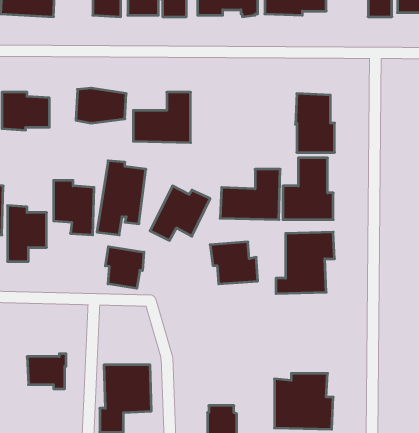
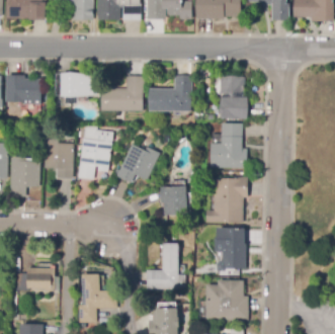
building: [220,169,280,220] -> [149,75,192,111]
building: [105,247,144,288] -> none
building: none -> [214,227,245,273]
building: none -> [146,242,184,287]

